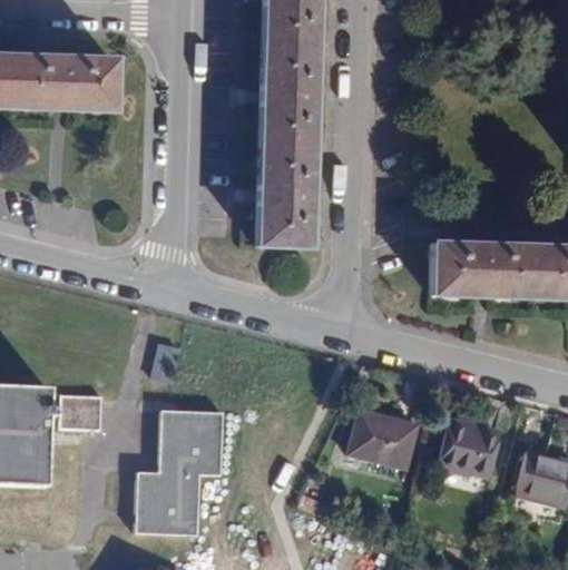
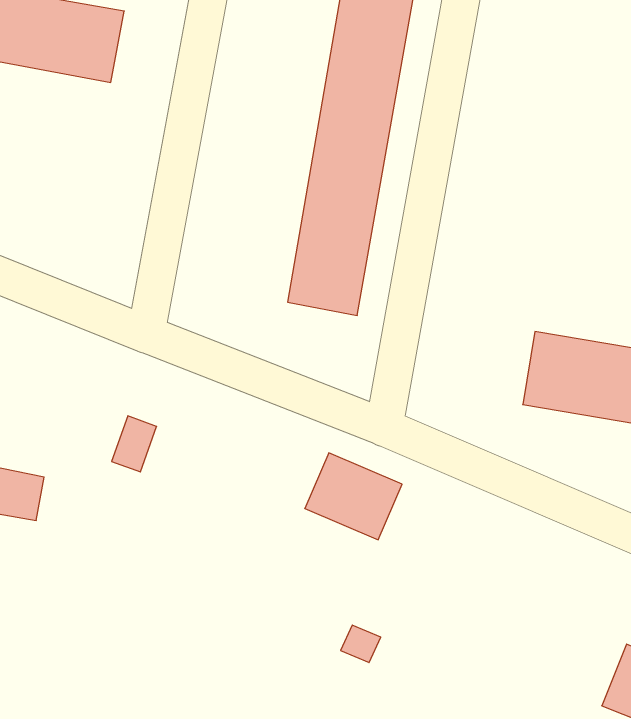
building: [138,410,224,532] -> none
building: [352,412,418,468] -> [305,453,402,540]
building: [440,421,501,479] -> none

